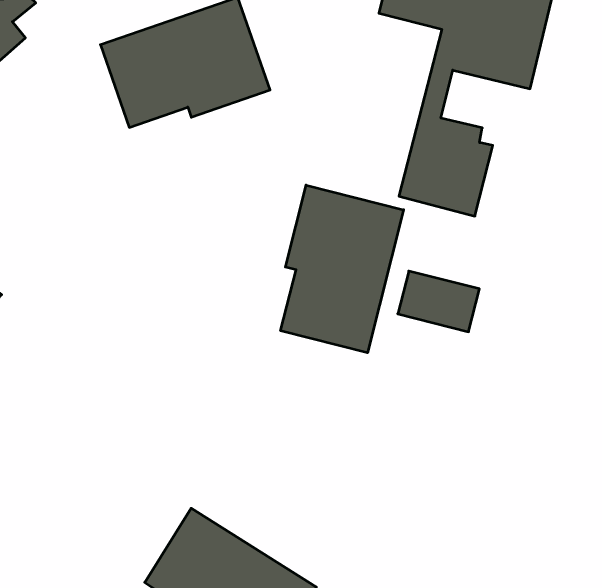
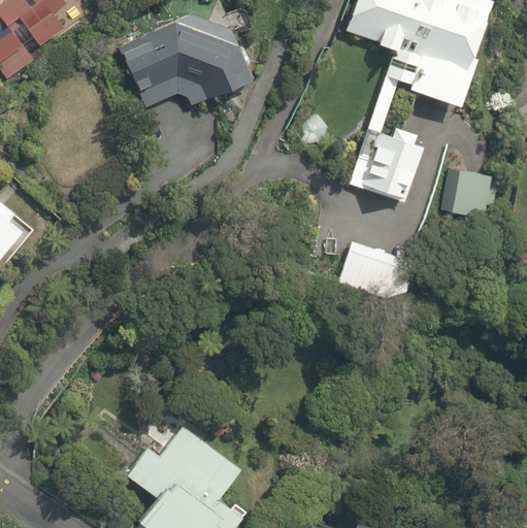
building: none -> [449,168,490,219]
building: [281,185,404,353] -> none

